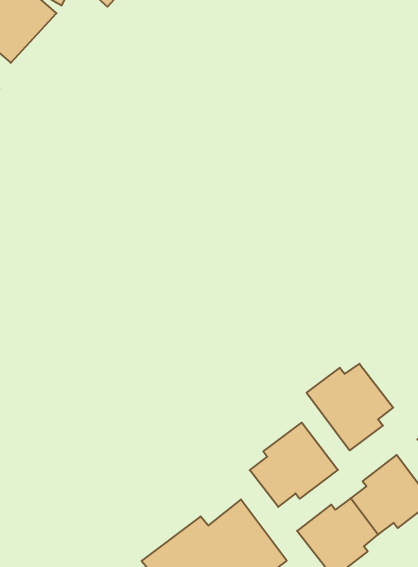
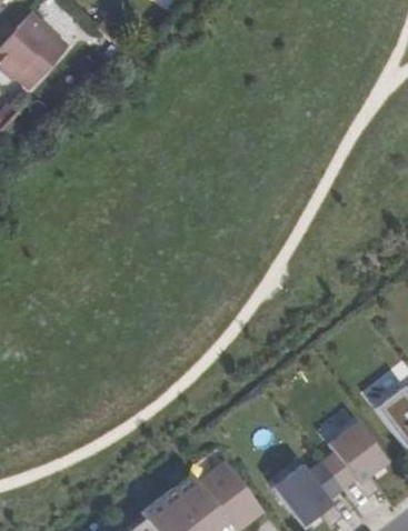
building: [307,364,393,450] -> none
building: [250,423,338,507] -> none

